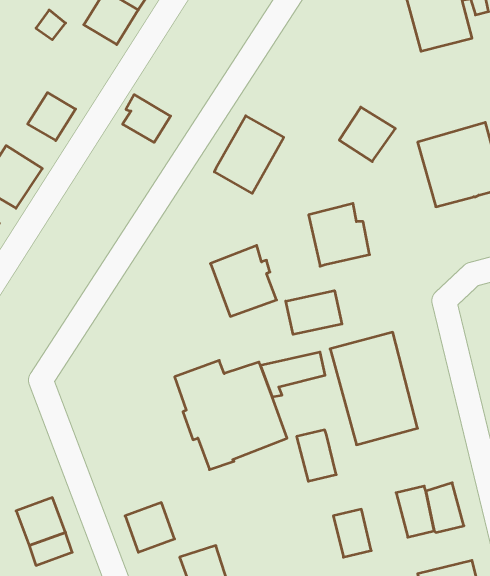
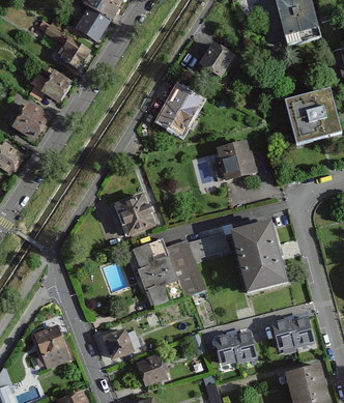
building: [123,95,171,142] -> [60,37,90,67]
building: [339,107,395,162] -> [199,42,234,77]
building: [210,245,277,316] -> [114,195,155,239]
building: [286,291,342,334] -> none
building: [297,430,336,481] -> [213,333,238,365]

